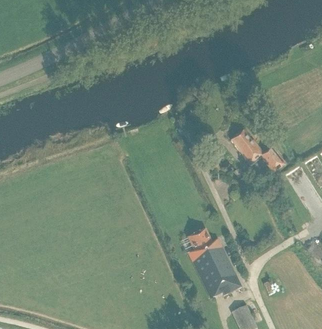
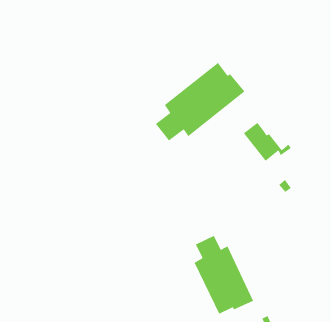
building: none -> [155,62,246,142]

